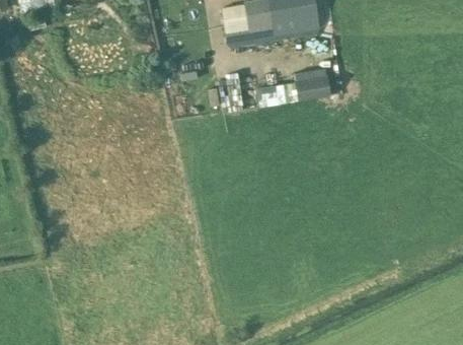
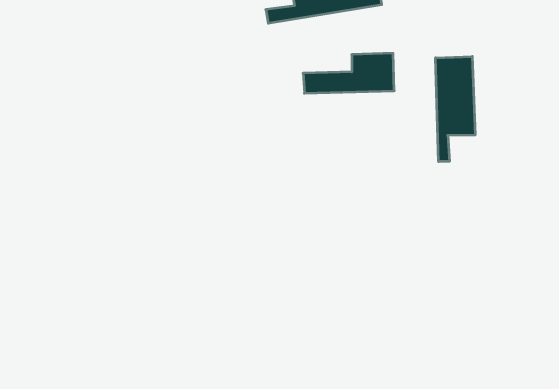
building: none -> [436,56,475,162]

